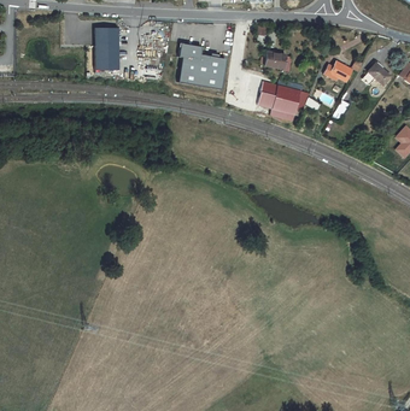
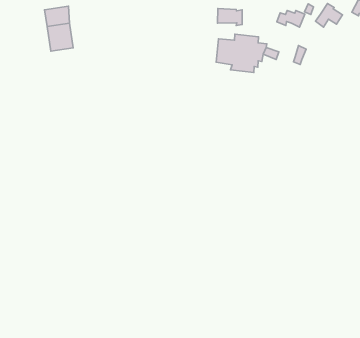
building: [177,43,225,89] -> none

